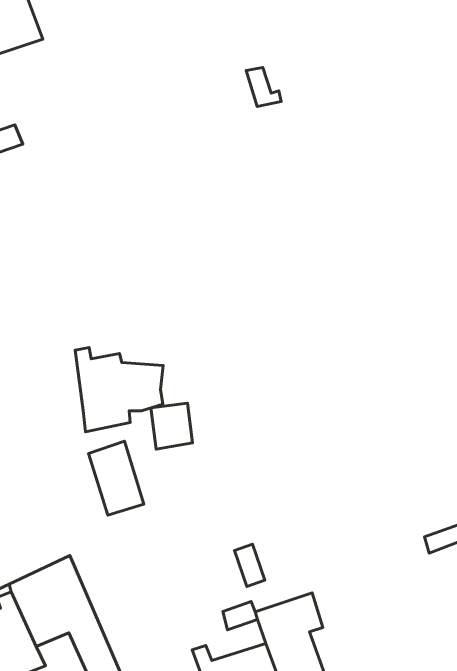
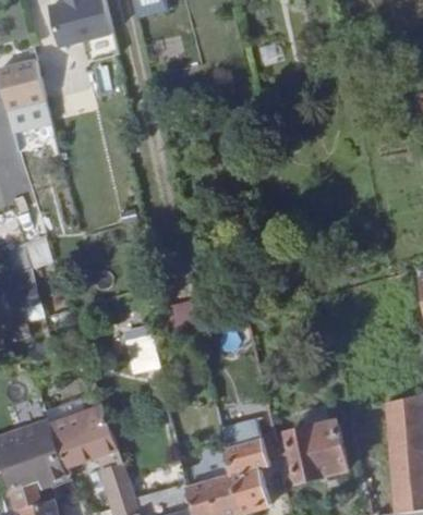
building: [75,348,163,432] -> none
building: none -> [287,419,345,480]

